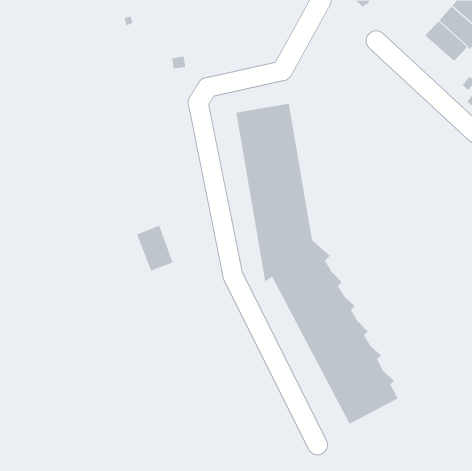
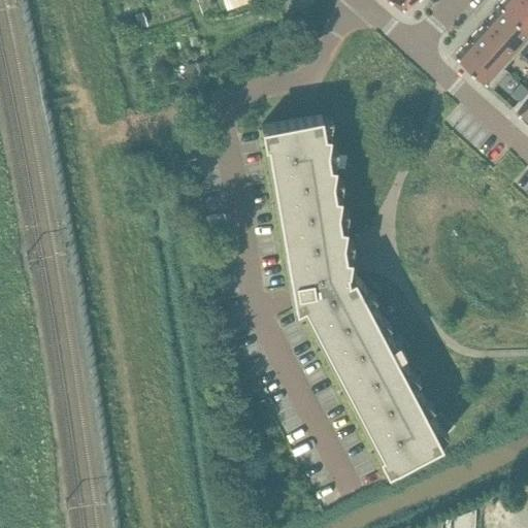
building: none -> [459,44,512,94]
building: [137,225,173,271] -> none

